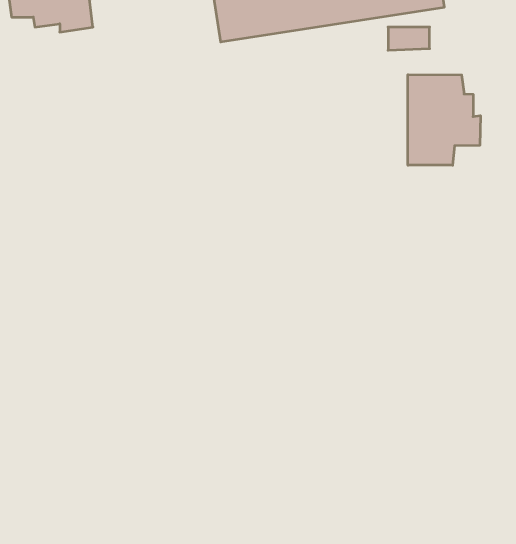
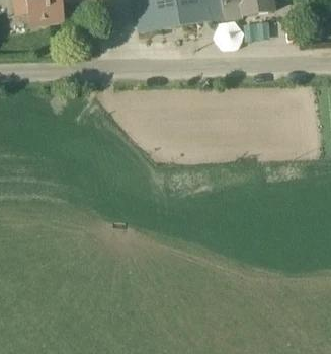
building: [408,75,480,165] -> none

